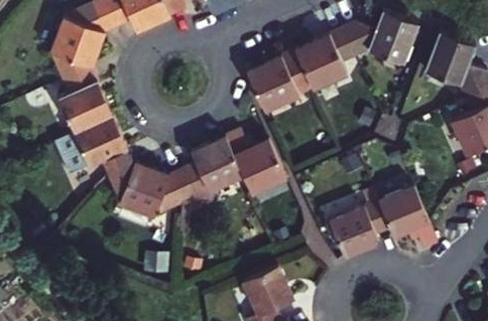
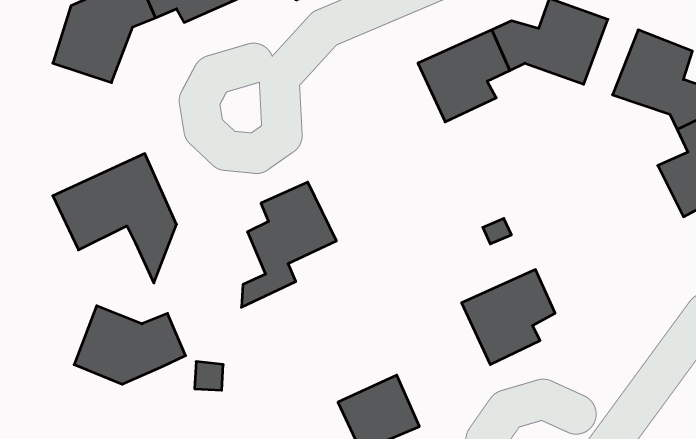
building: [51,53,113,132] -> none
building: [248,53,314,115] -> none
building: [222,125,283,189] -> none
building: [119,161,194,213] -> [74,306,186,384]
building: [374,175,436,240] -> none

